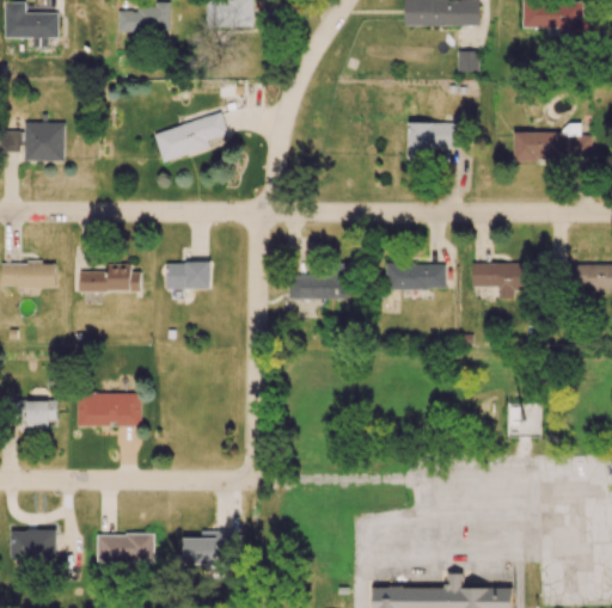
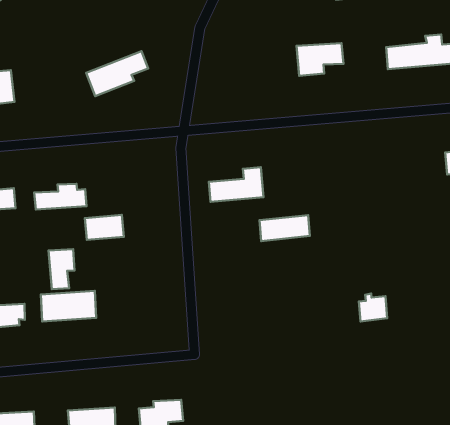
building: [167,262,212,288] -> [85,215,124,240]
building: [472,262,531,297] -> none
building: [387,263,446,289] -> [259,215,310,241]
building: none -> [48,249,74,289]
building: [508,404,540,436] -> [359,293,387,321]

